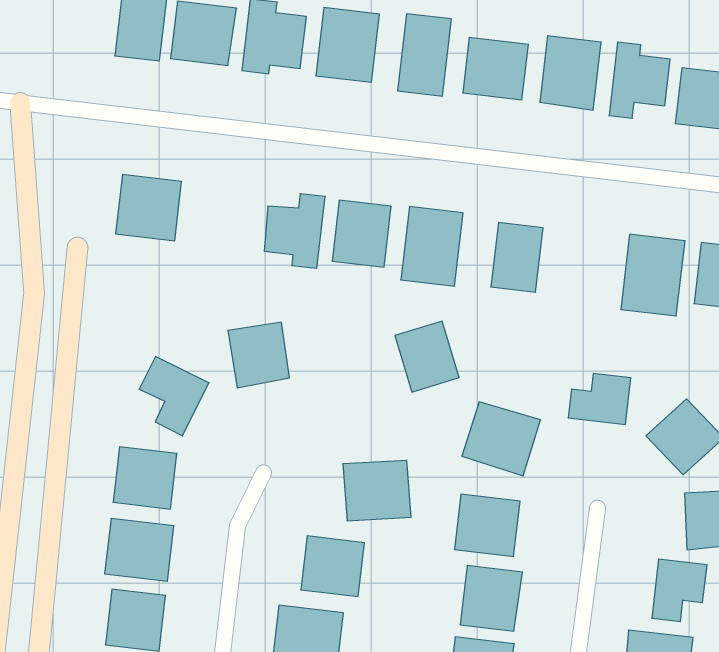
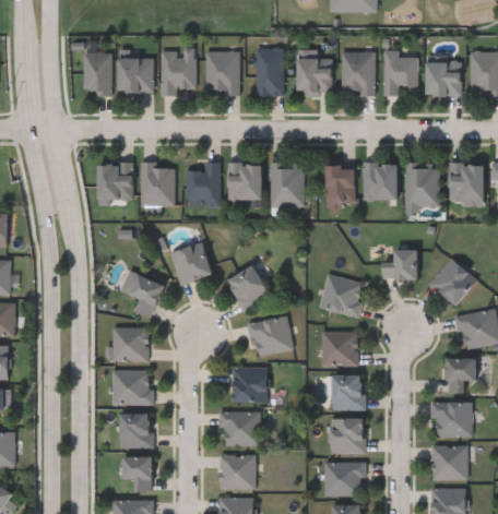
building: none -> [141,166,175,207]
building: none -> [364,165,396,202]
building: [395,321,459,392] -> [227,266,269,311]

